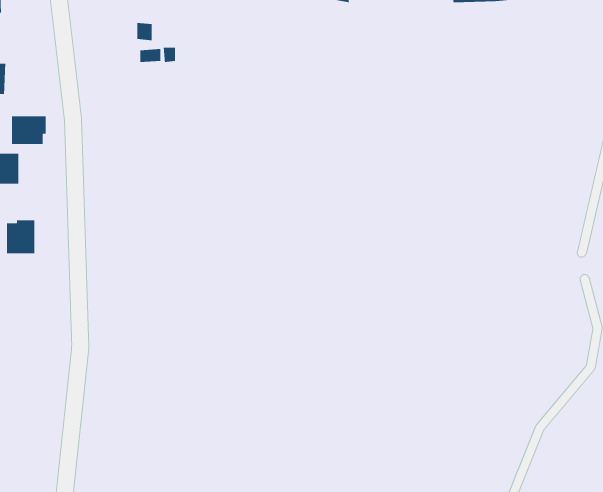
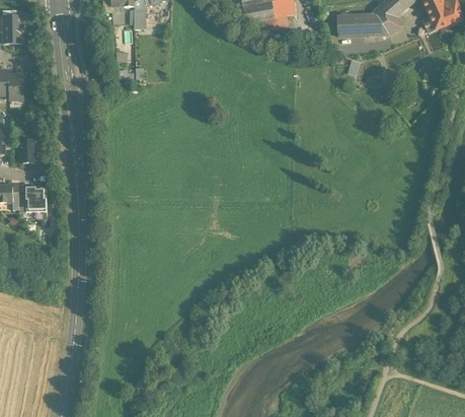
building: [11,116,46,145] -> none

